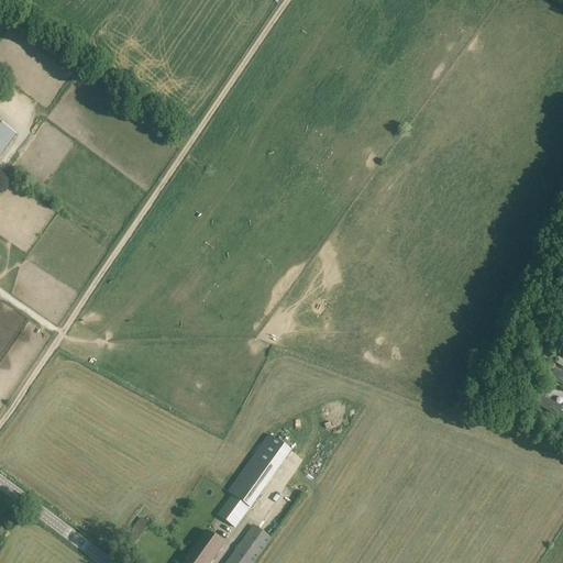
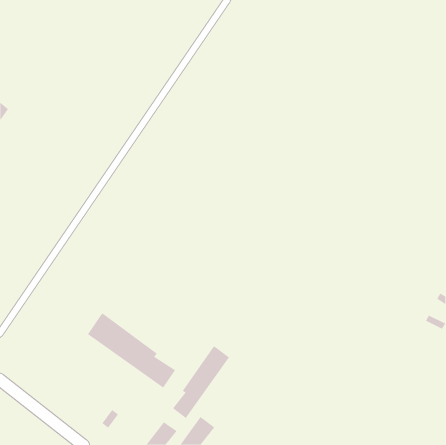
building: none -> [87,312,176,389]

